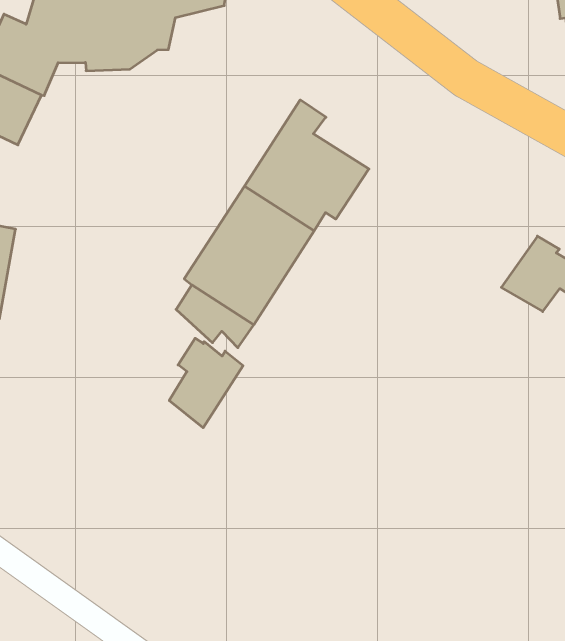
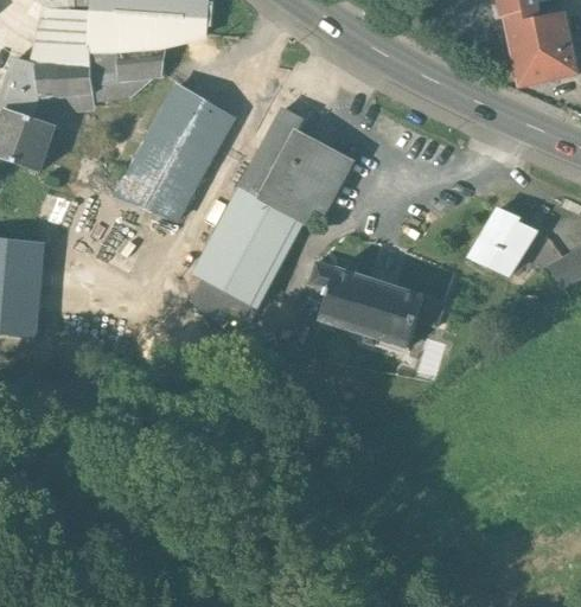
building: none -> [116,83,232,219]
building: none -> [309,262,443,346]
building: [169,338,243,428] -> none

